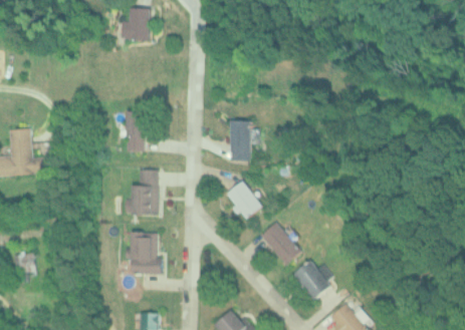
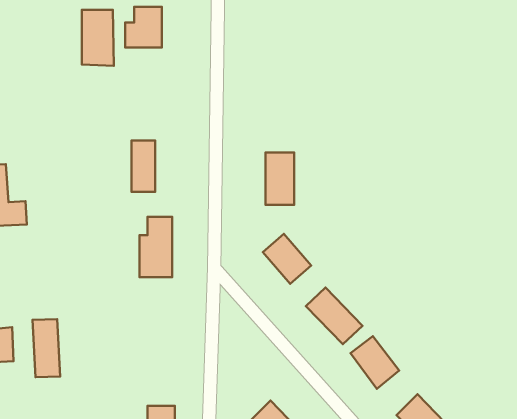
building: none -> [82,10,114,66]
building: [128,232,161,274] -> none
building: none -> [33,319,60,377]

